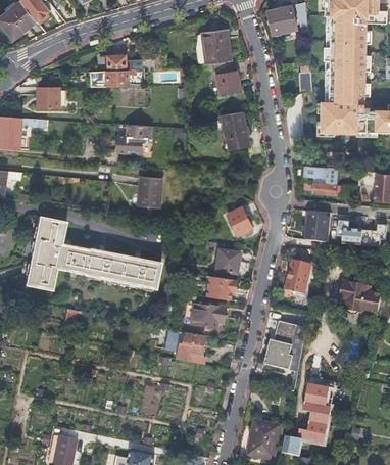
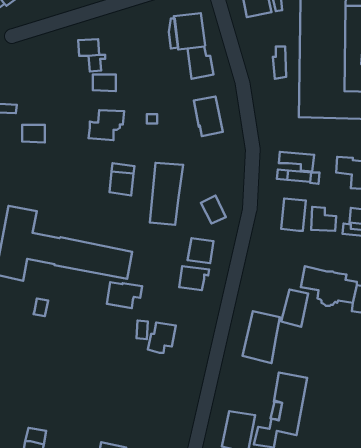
building: [89,71,118,86] -> none
building: [35,86,57,103] -> [22,125,45,142]
building: none -> [150,163,183,225]
building: [285,260,311,296] -> [281,289,308,327]
building: [191,304,226,329] -> [107,282,142,308]

